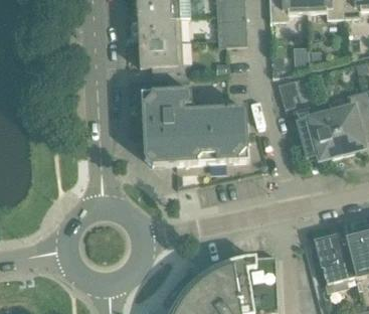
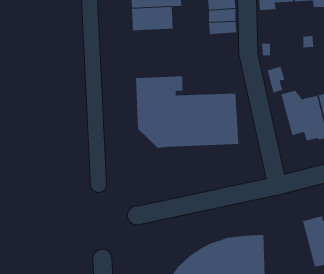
building: [139,40,190,77] -> none

